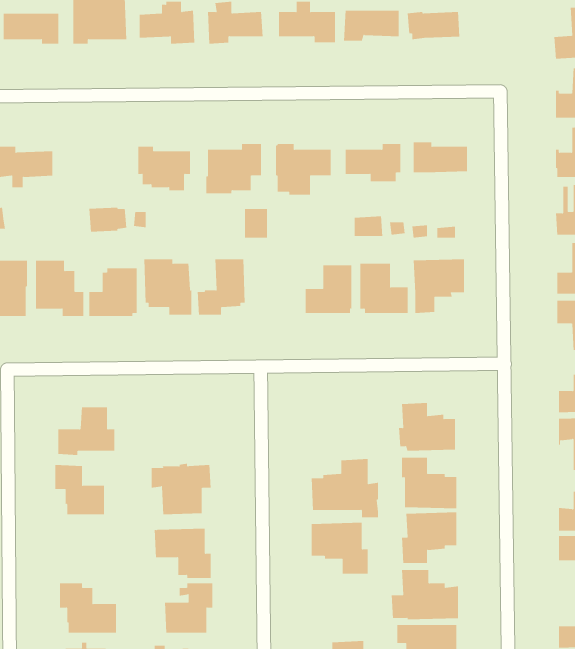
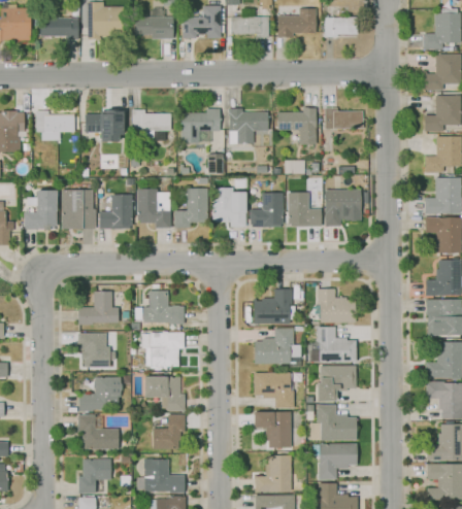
building: none -> [85,109,124,132]
building: none -> [211,188,246,228]
building: none -> [143,284,184,325]
building: none -> [254,289,295,324]
building: none -> [78,376,121,411]
building: none -> [255,412,291,448]

